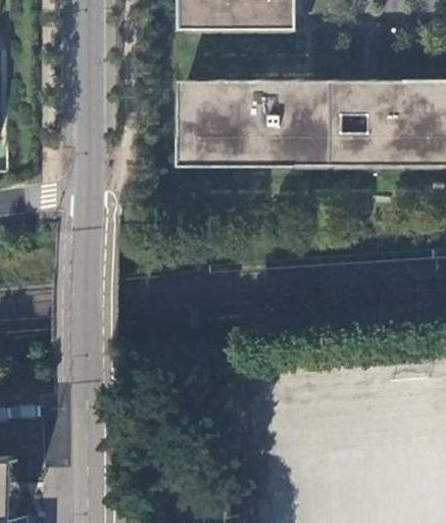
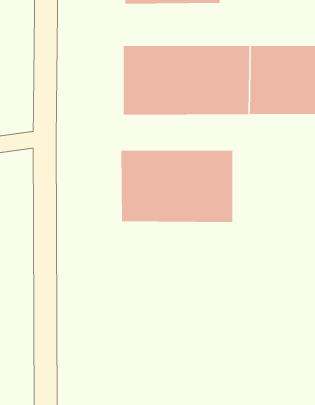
building: none -> [121,150,233,223]

